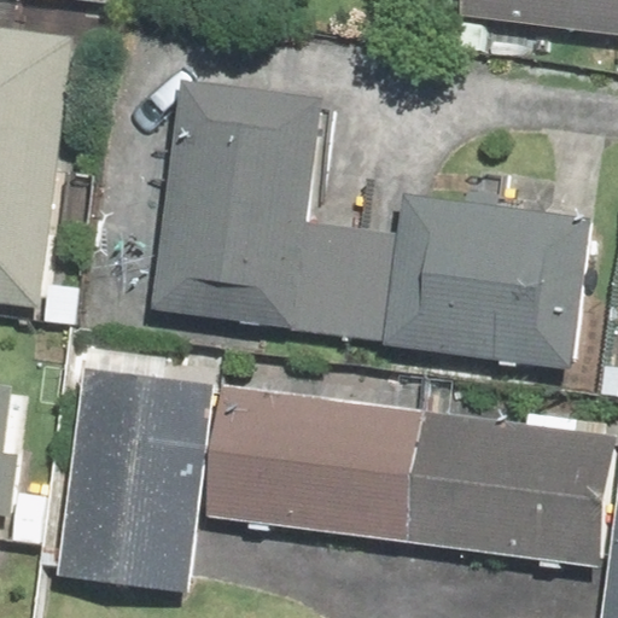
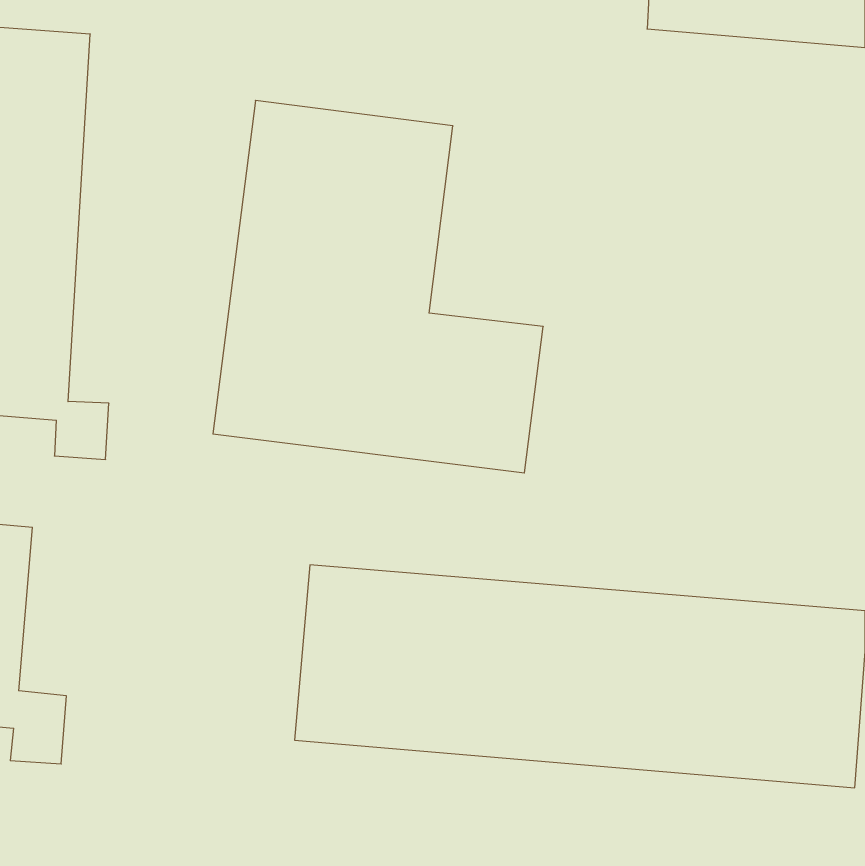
building: [380,193,588,367] -> none
building: [60,368,209,590] -> none

